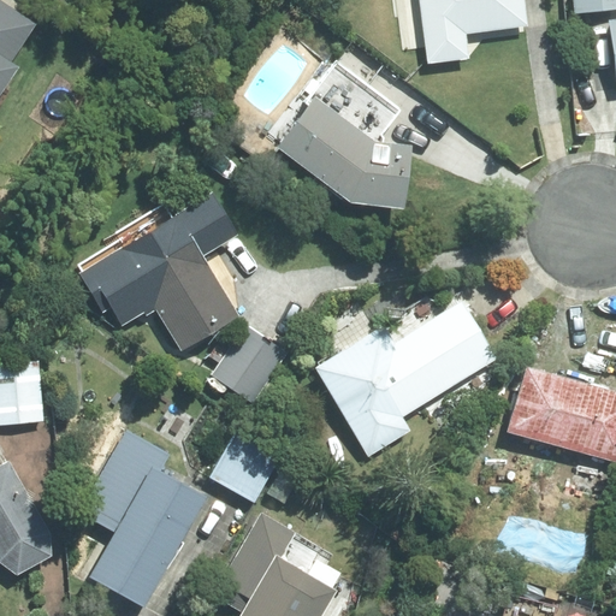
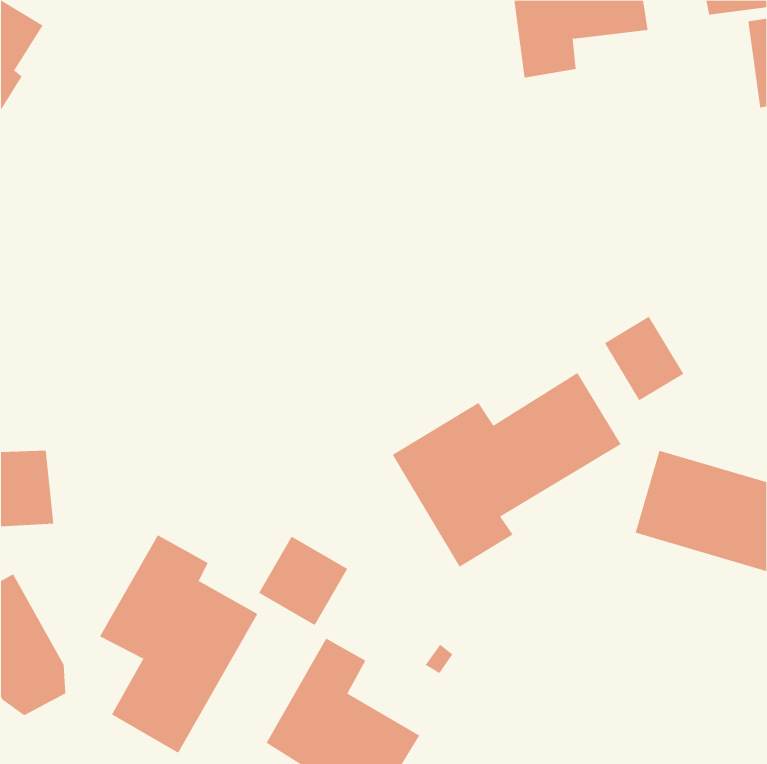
building: [278,65,413,207] -> none
building: [78,194,241,353] -> none
building: none -> [604,316,684,401]
building: [211,325,286,404] -> none

